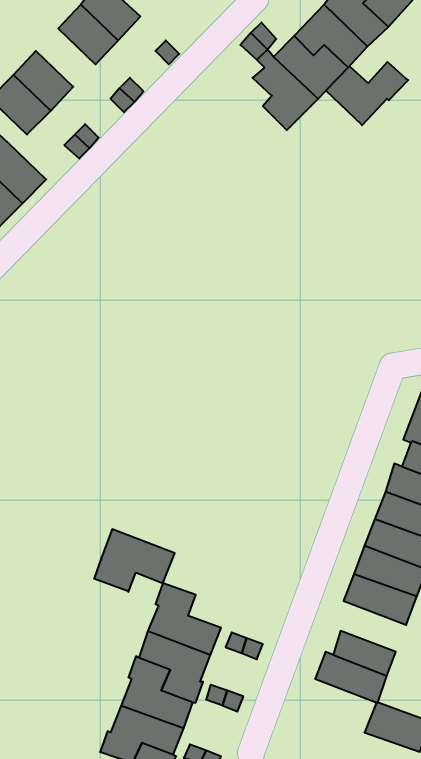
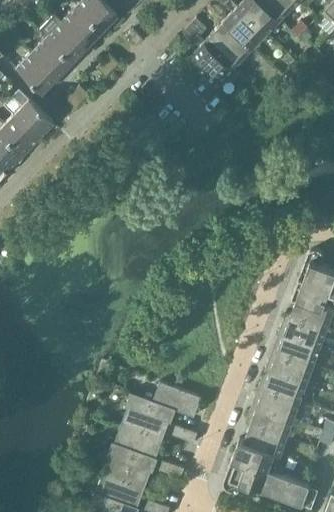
building: none -> [38,15,86,61]
building: [326,62,408,125] -> none
building: [94,529,175,592] -> [148,382,202,424]
building: none -> [246,405,294,439]
building: none -> [224,457,274,493]

